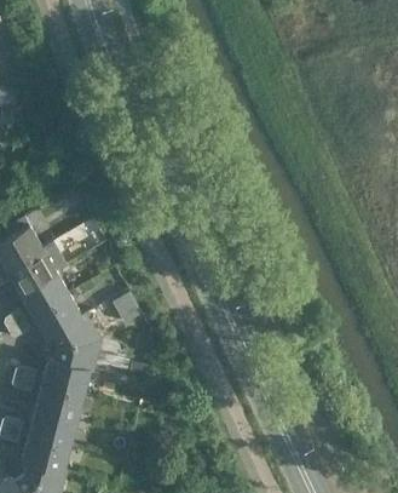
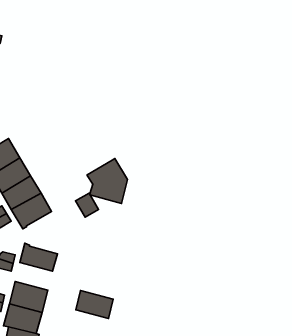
building: [51,314,102,371] -> [87,158,127,203]
building: [36,380,83,415] -> [76,291,113,318]

